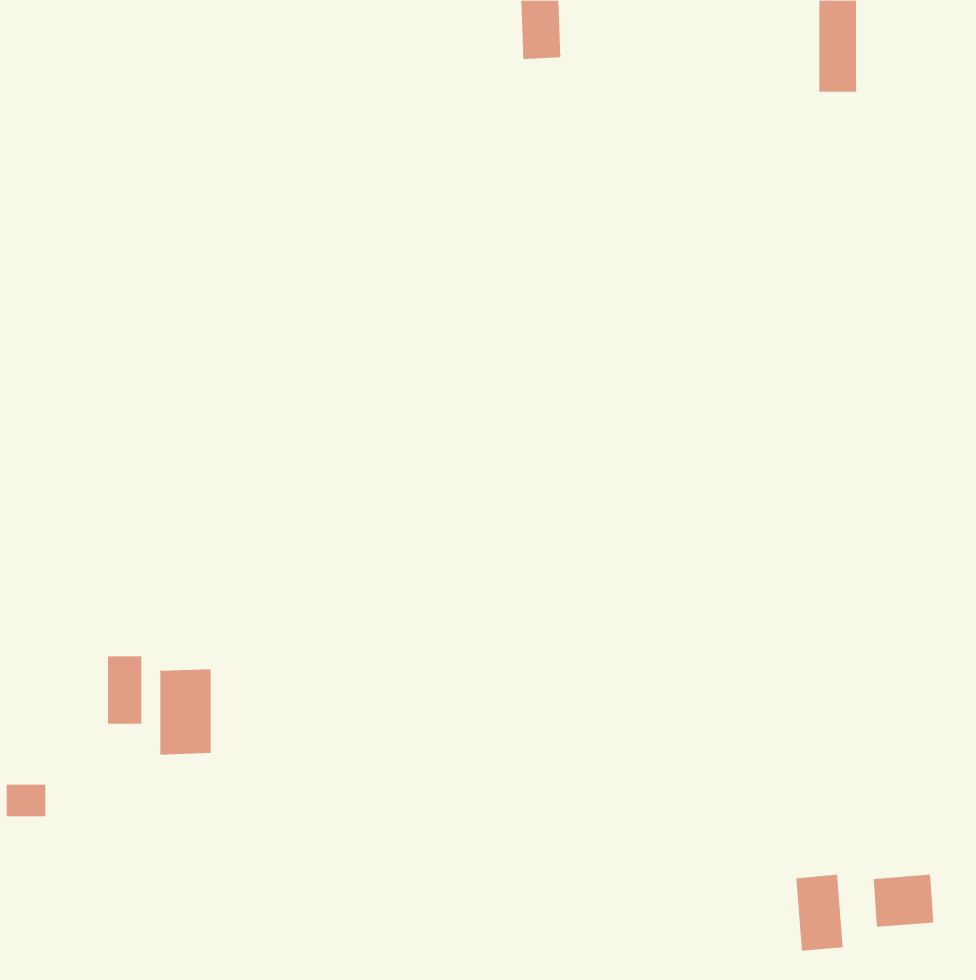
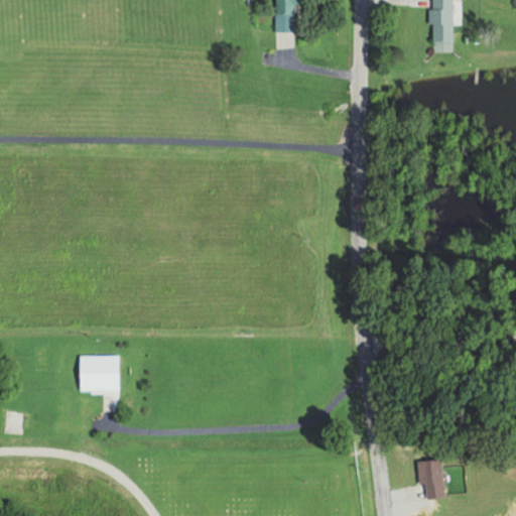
building: [107,655,142,725] -> none
building: [873,874,934,928] -> none

